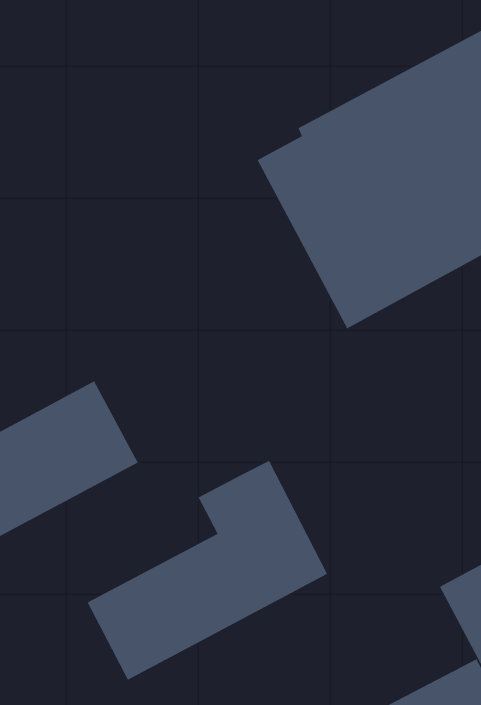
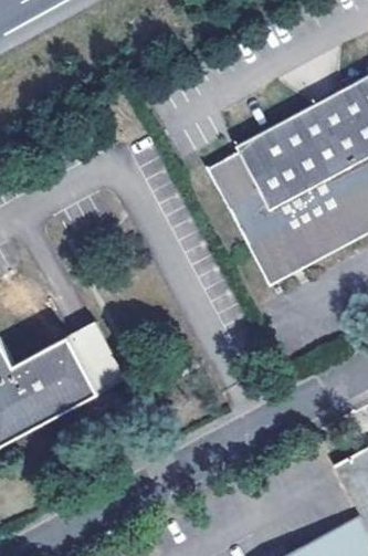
building: [86,460,328,681] -> none

